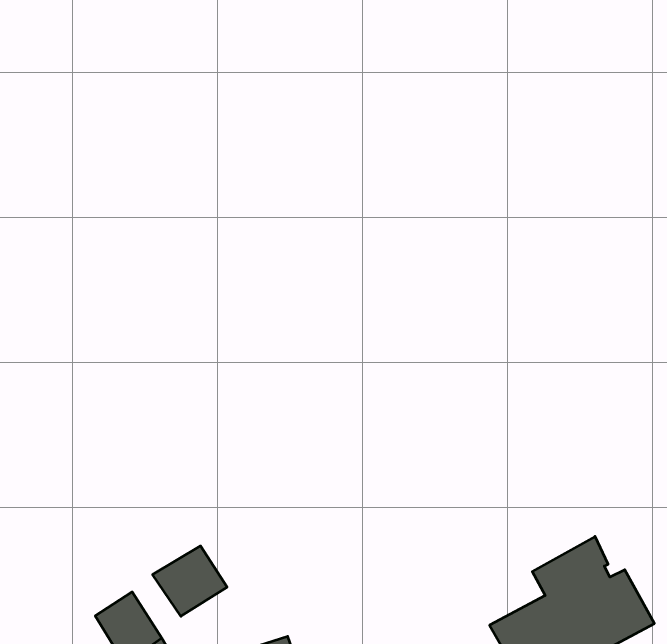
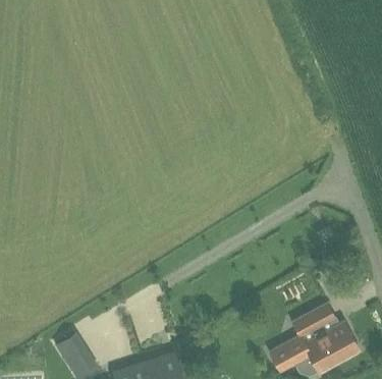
building: [153,546,227,616] -> none

